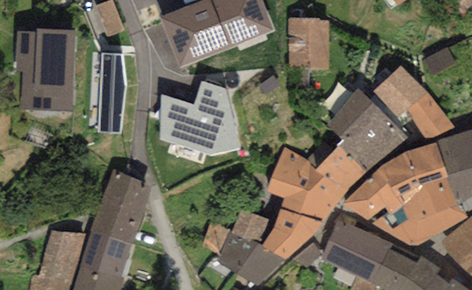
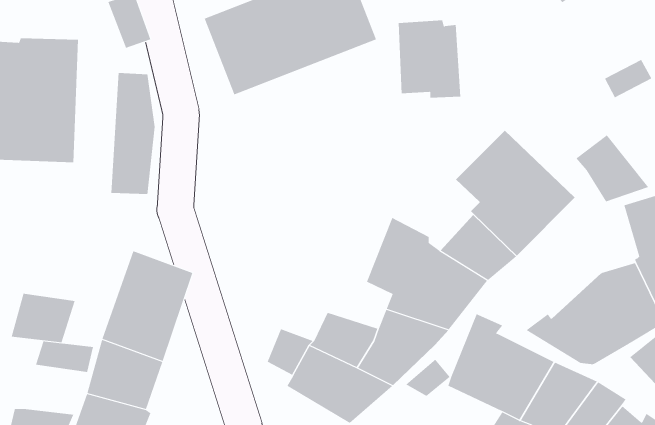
building: [373,64,427,125] -> none
building: [159,81,240,154] -> none
building: [344,142,447,221] -> none
building: [39,246,82,279] -> [11,293,76,343]

